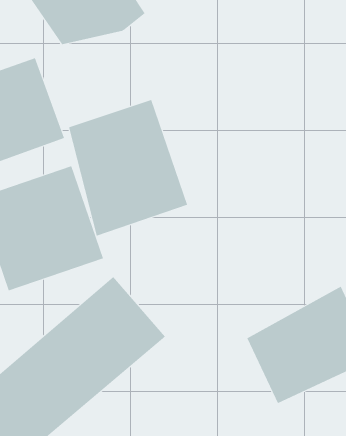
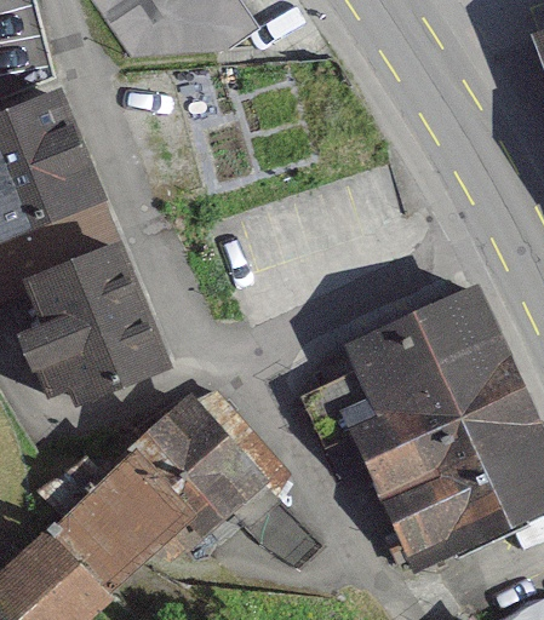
building: [68,99,188,237] -> none
building: none -> [326,295,510,475]

